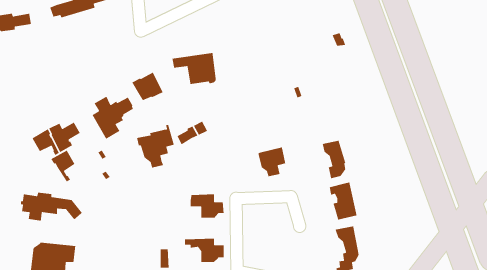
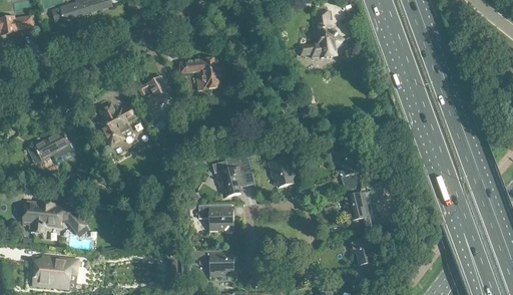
building: none -> [298,11,343,59]
building: [136,124,175,168] -> [211,151,251,197]
building: [50,150,75,183] -> none

